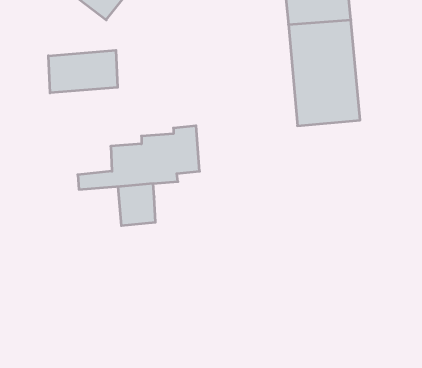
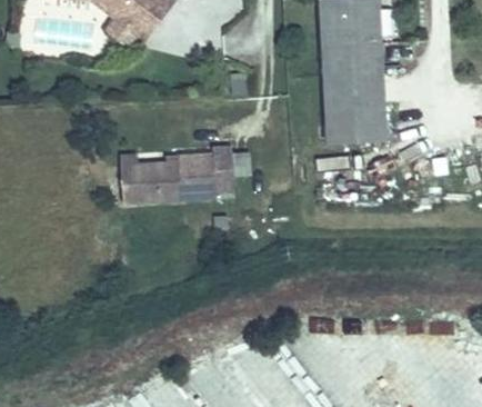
building: [48,50,118,93] -> none
building: [118,184,155,226] -> [112,150,149,191]

